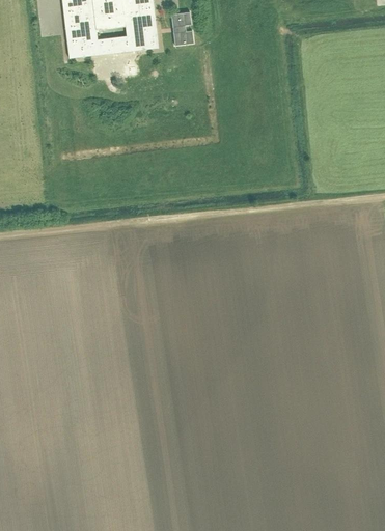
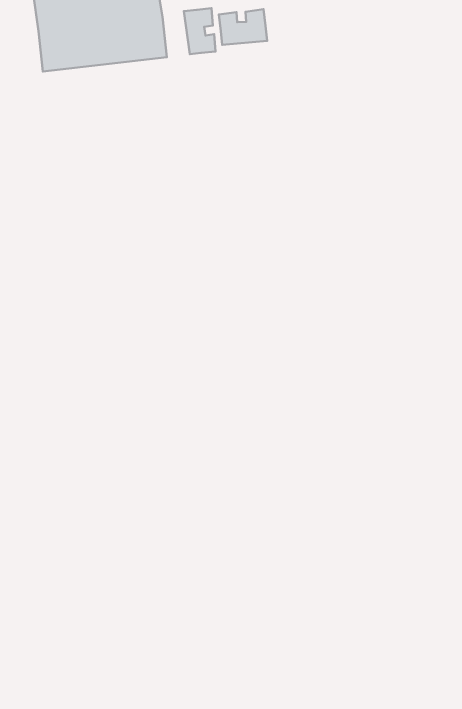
building: none -> [219,9,267,45]

